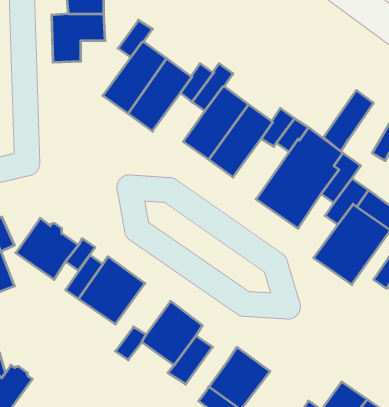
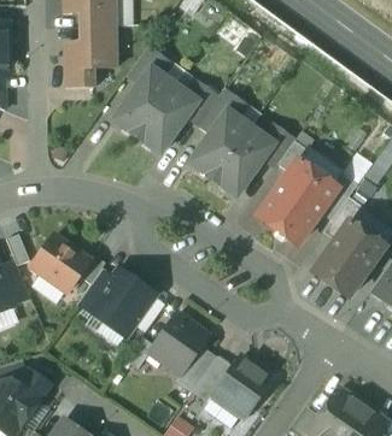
building: [324,90,373,151] -> none
building: none -> [192,355,233,402]

